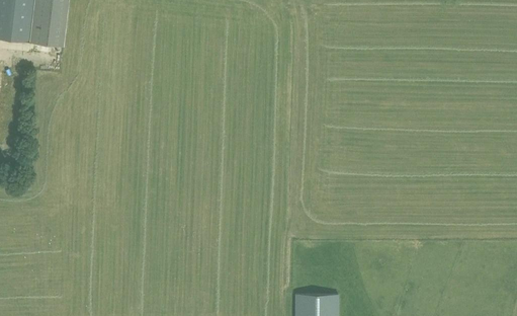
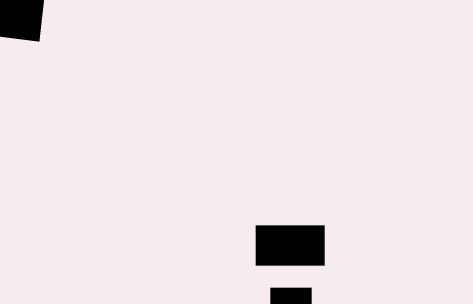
building: none -> [255,224,325,266]

